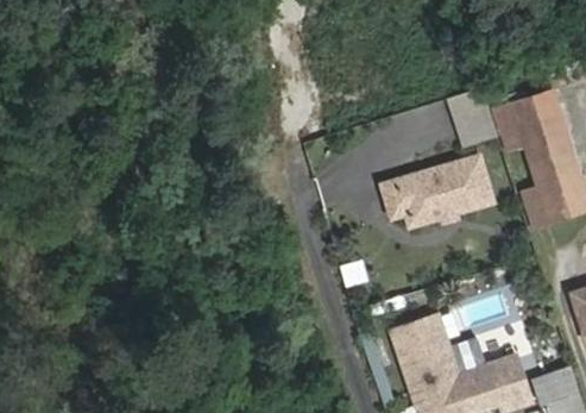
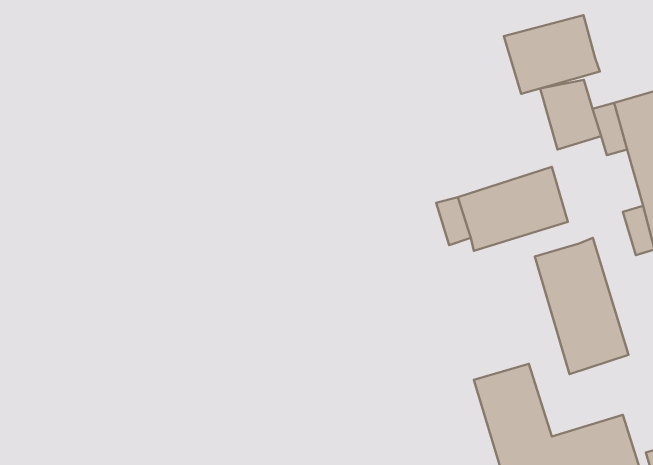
building: none -> [504,15,600,94]
building: none -> [535,238,629,374]

